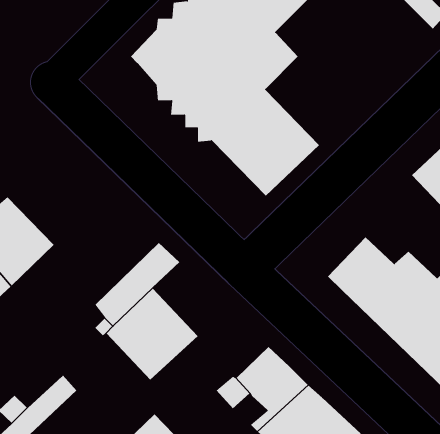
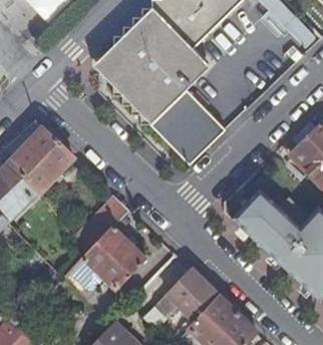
building: none -> [8,129,81,201]

